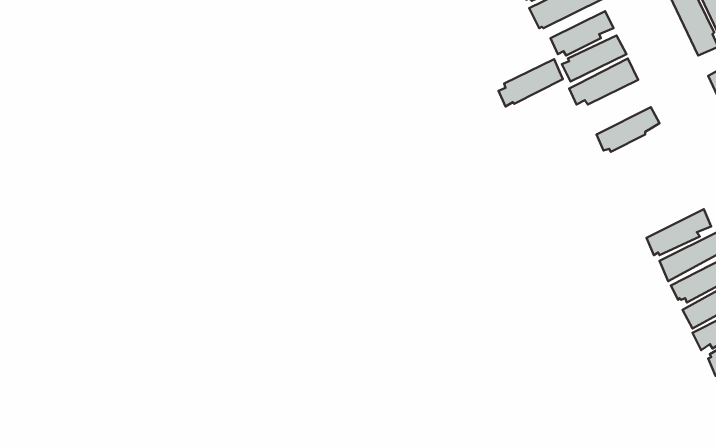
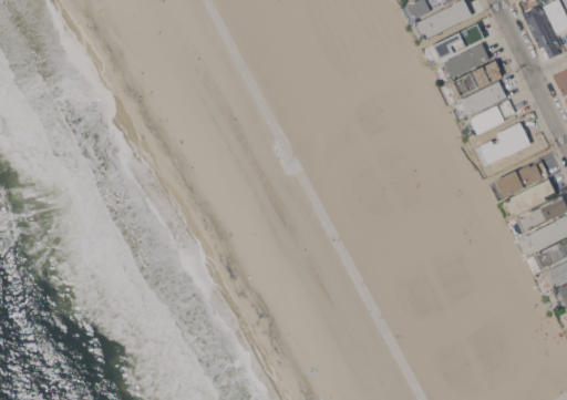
building: [498,59,563,107] -> [456,81,506,117]
building: none -> [476,122,530,163]
building: none -> [496,162,548,198]

